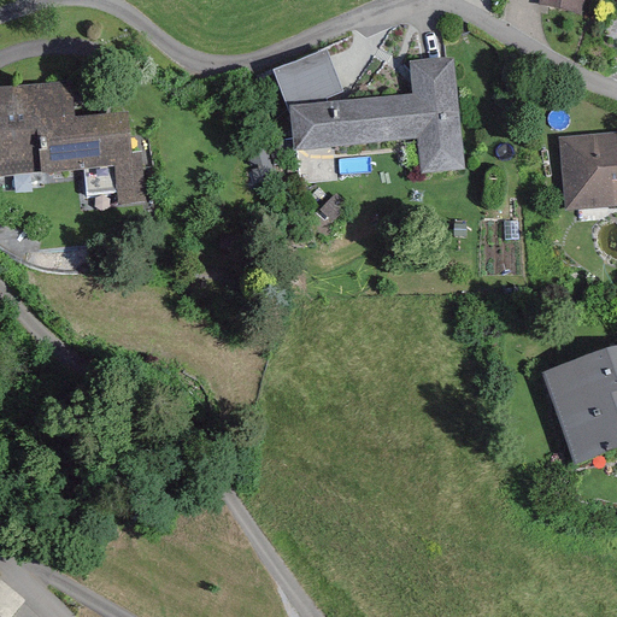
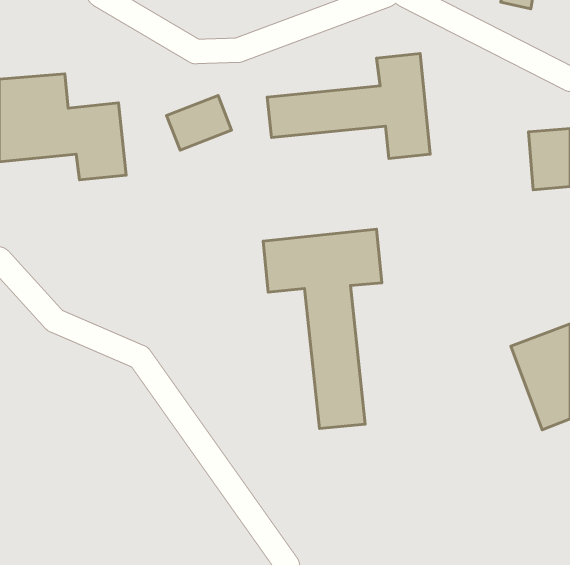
building: [271,47,341,106] -> [167,95,231,150]
building: none -> [263,229,382,428]

